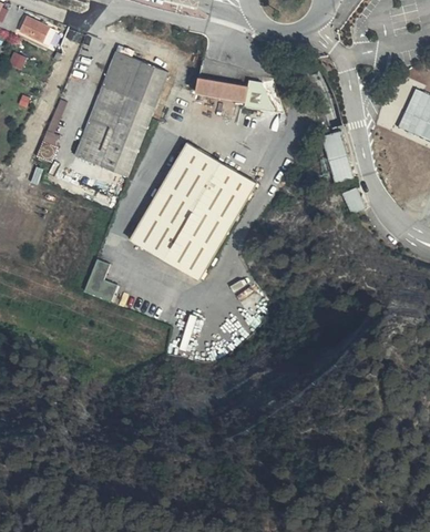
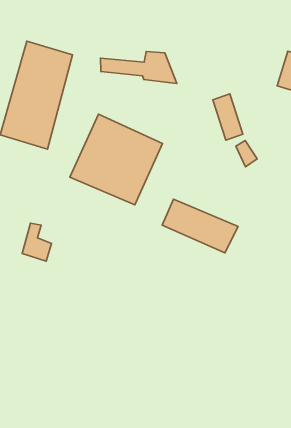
building: [133,213,221,279] -> [162,199,238,253]

